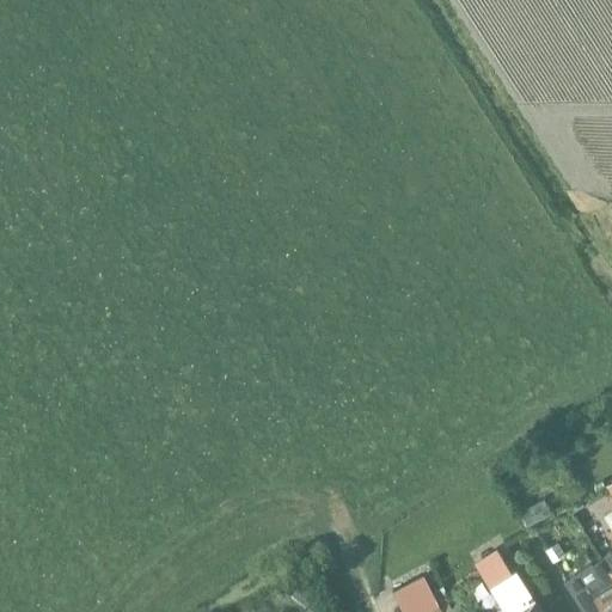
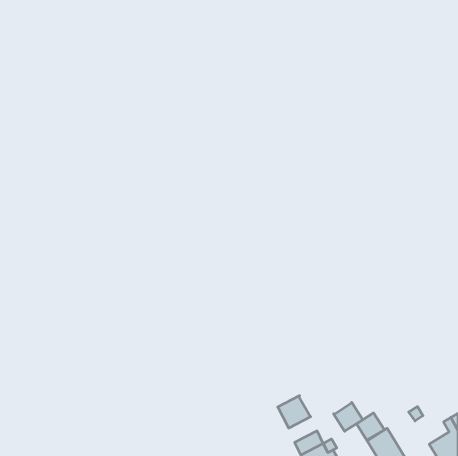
building: none -> [278,396,311,428]
building: none -> [334,402,363,431]

